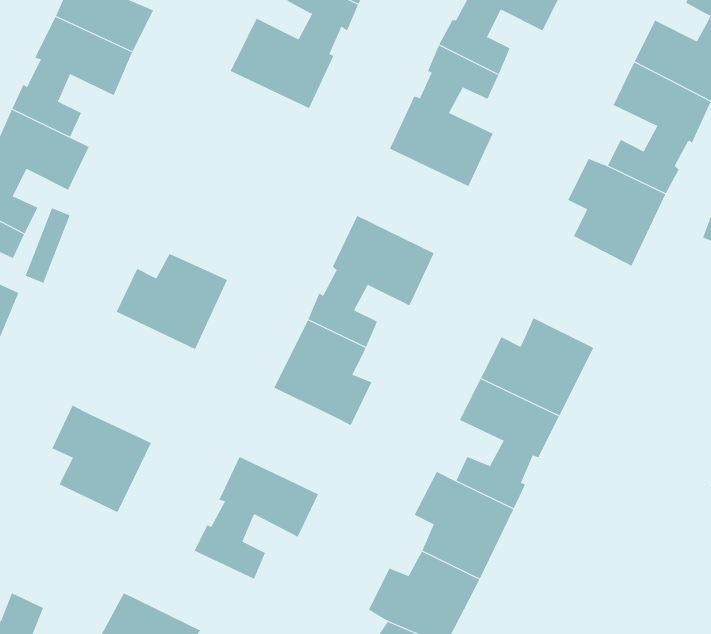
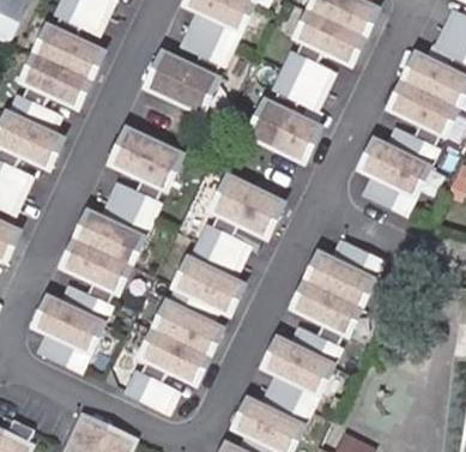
building: none -> [110,129,178,218]
building: none -> [61,239,127,321]
building: none -> [155,287,218,354]

